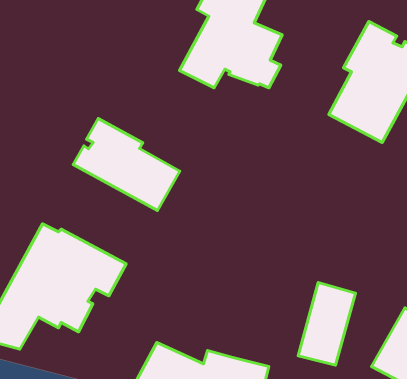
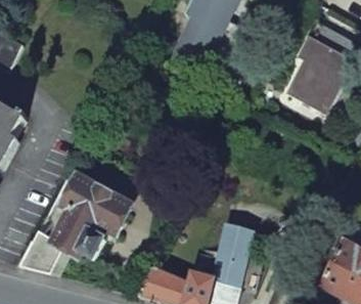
building: [73,118,180,211] -> none
building: [298,283,356,365] -> [212,221,256,285]

